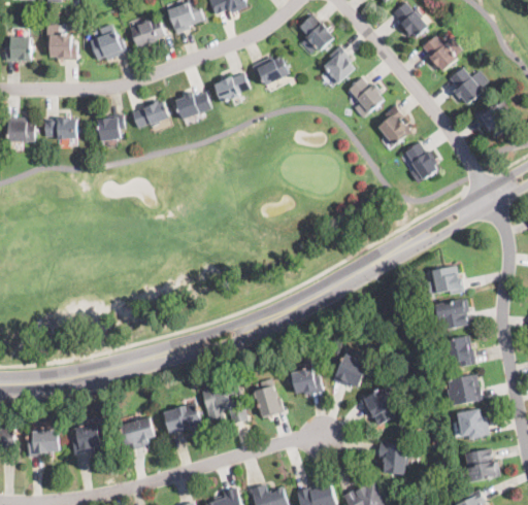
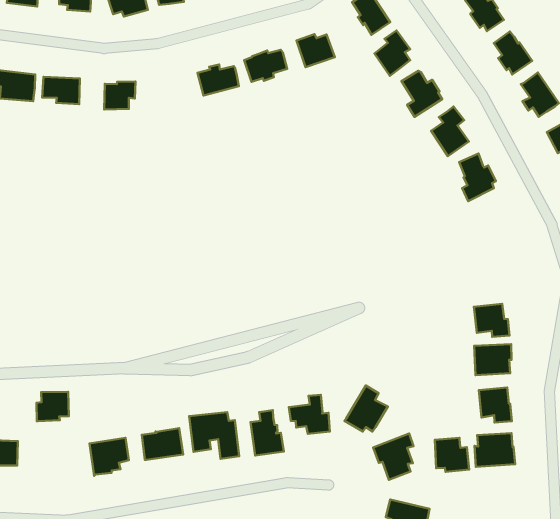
building: [132,101,169,128] -> none
building: [457,409,489,439] -> [435,438,469,472]
building: [72,426,101,453] -> [36,392,69,421]

